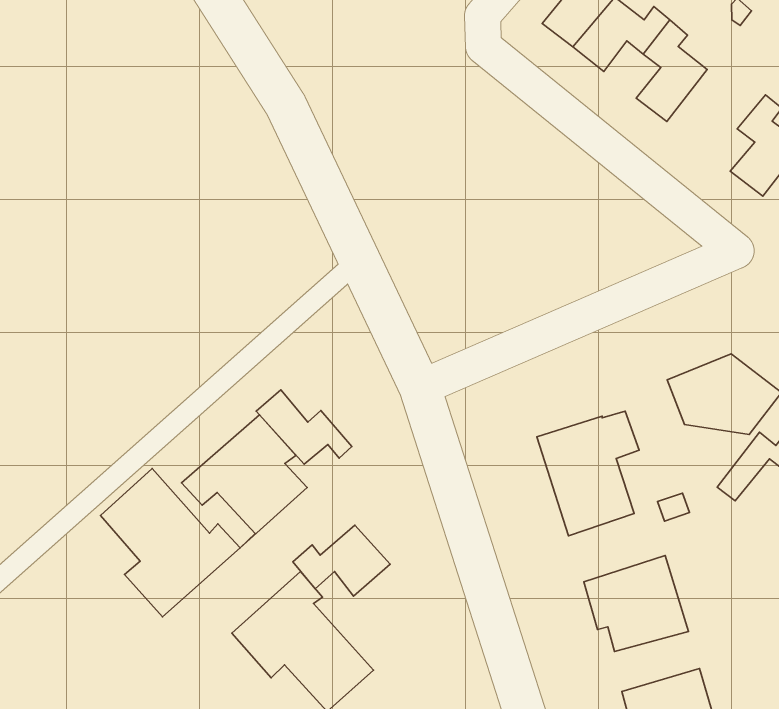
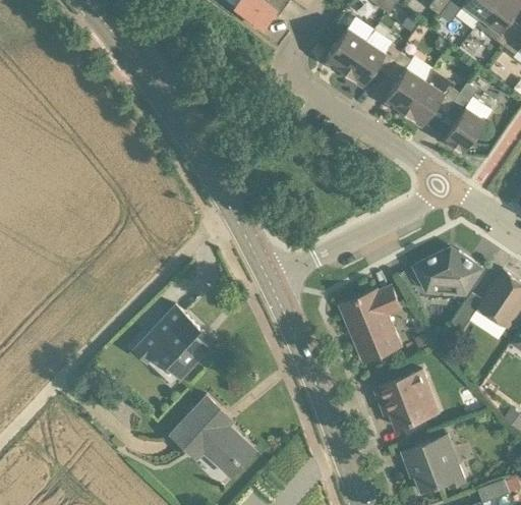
building: none -> [403,80,460,126]
building: [256,390,352,464] -> none
building: [100,469,240,617] -> none
building: [293,525,390,596] -> none

